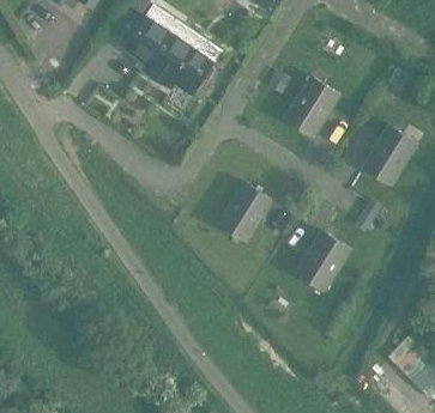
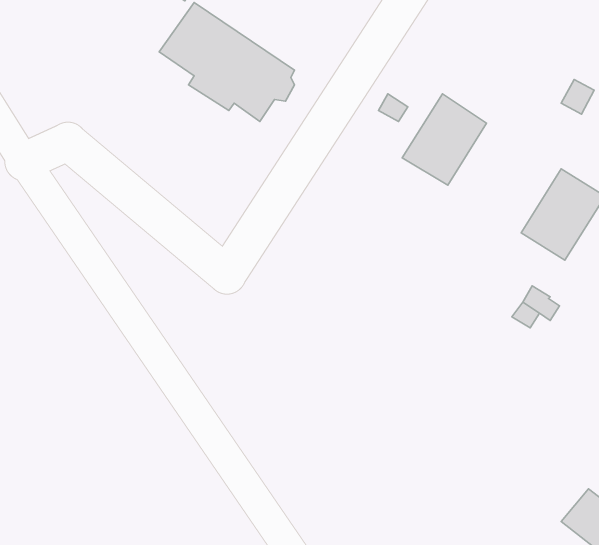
building: [218,182,272,241] -> none
building: [296,231,350,290] -> none

